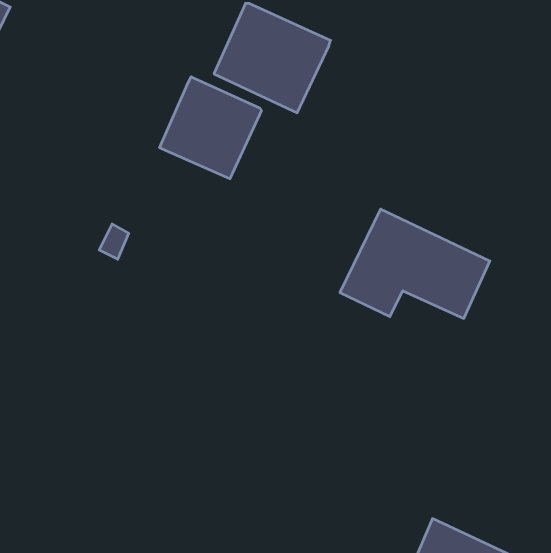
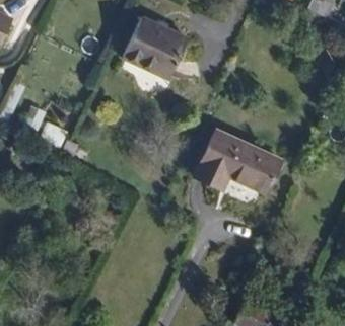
building: [160,77,261,179] -> none

